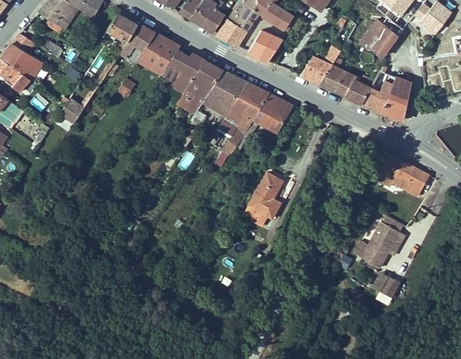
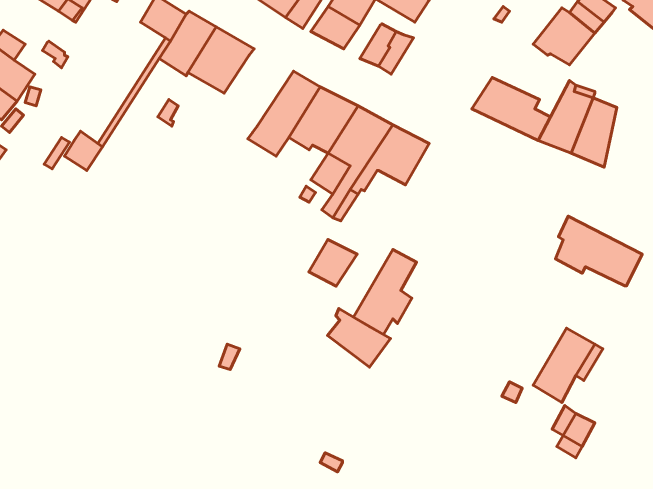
building: [300,47,337,84] -> none
building: [161,50,205,95] -> none
building: none -> [309,239,357,286]
building: none -> [327,309,390,367]

